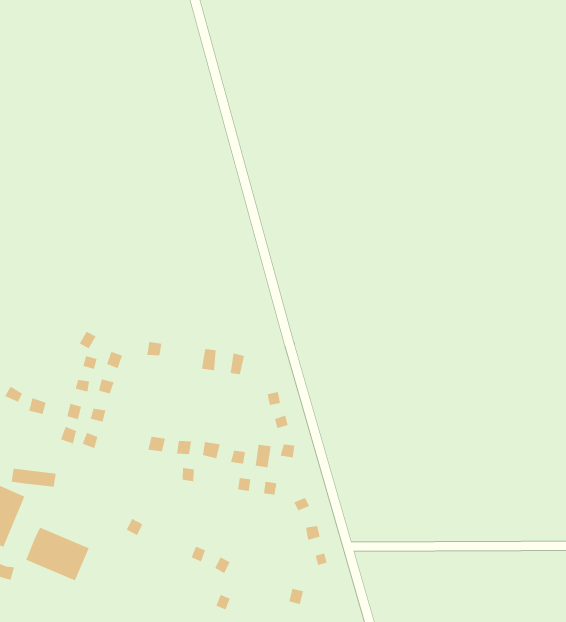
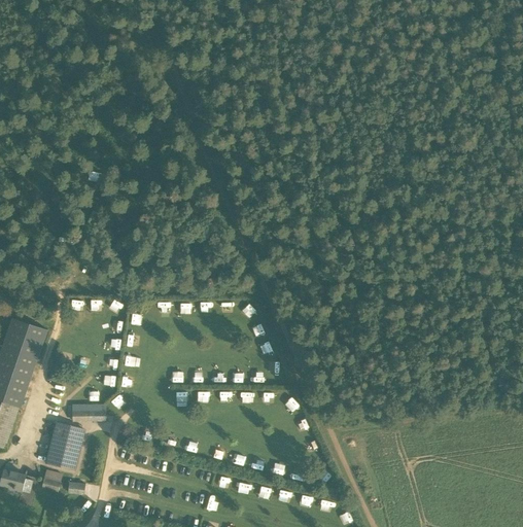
building: [26,527,90,581] -> none

